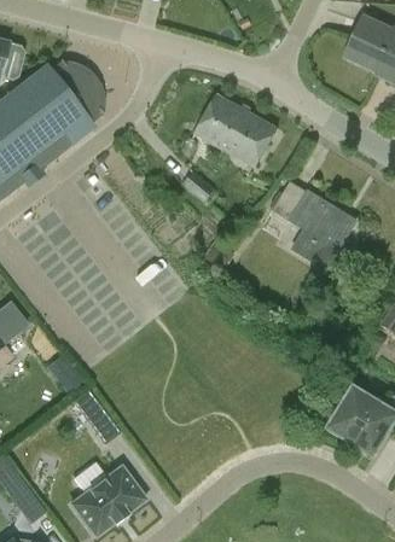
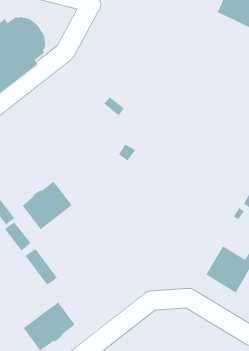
building: [194,93,277,167] -> none
building: [272,180,355,269] -> none
building: none -> [22,181,73,230]

